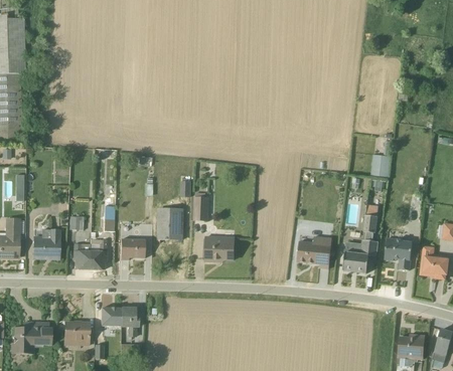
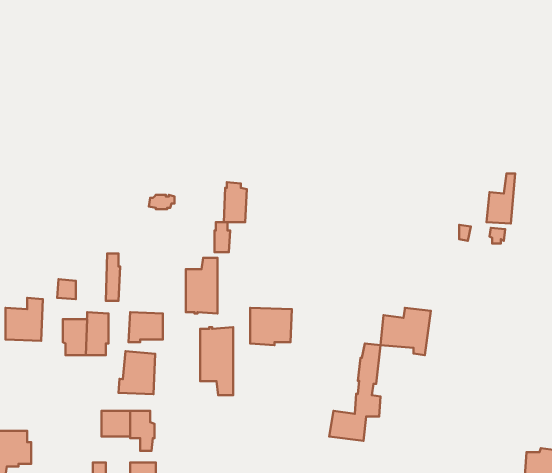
building: [193,192,209,220] -> [224,182,247,222]
building: [342,204,379,272] -> [329,344,381,441]
building: [385,237,412,269] -> none
building: none -> [200,327,233,395]
building: none -> [118,351,155,394]
building: [64,322,89,345] -> none

